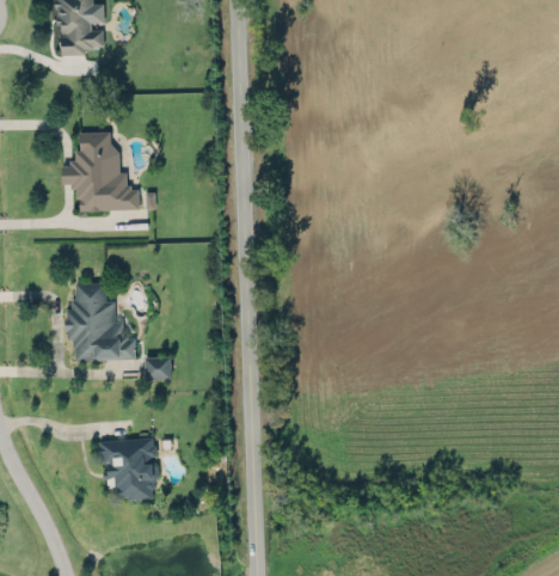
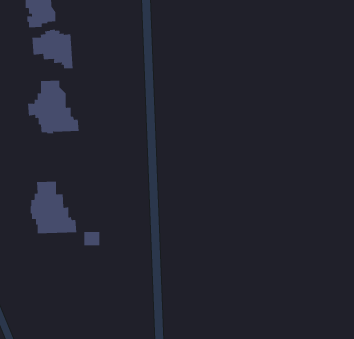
building: none -> [32,29,73,69]
building: [98,439,159,498] -> none

